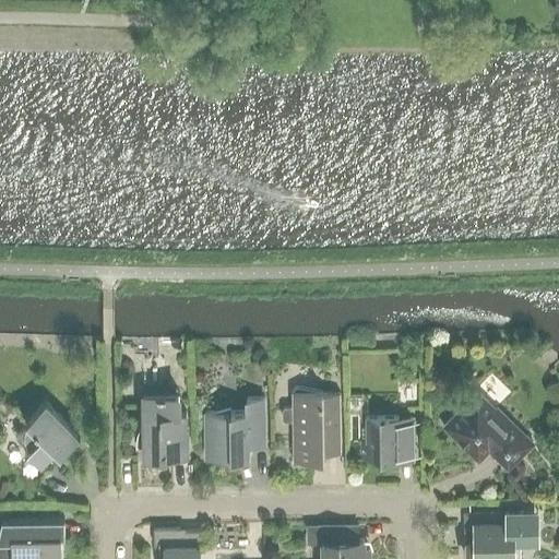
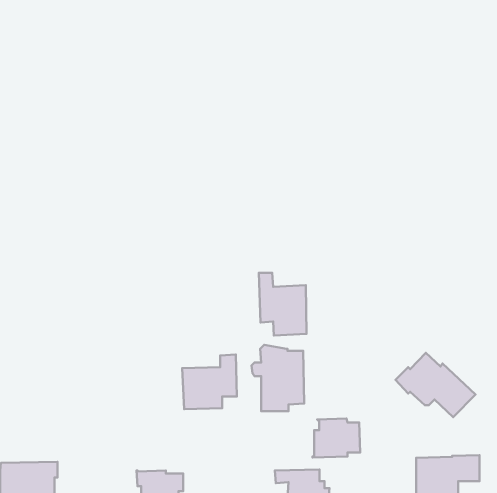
building: none -> [259,273,307,335]
building: [139,397,188,464] -> none
building: [17,405,81,471] -> none
building: [360,421,414,465] -> [312,419,360,457]

